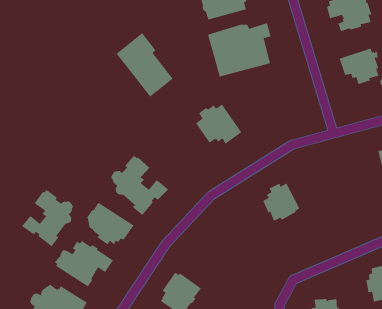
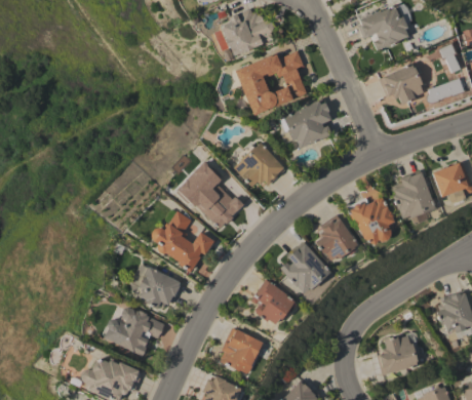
building: [116,32,173,98] -> [178,162,242,231]
building: none -> [281,98,335,149]
building: none -> [392,169,435,218]
building: none -> [347,196,395,245]
building: [21,189,74,247] -> none
building: none -> [280,241,330,293]
building: none -> [251,279,297,324]

